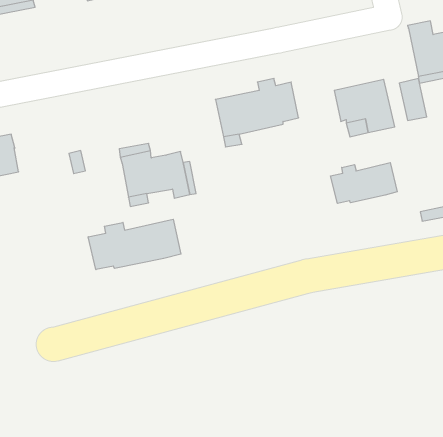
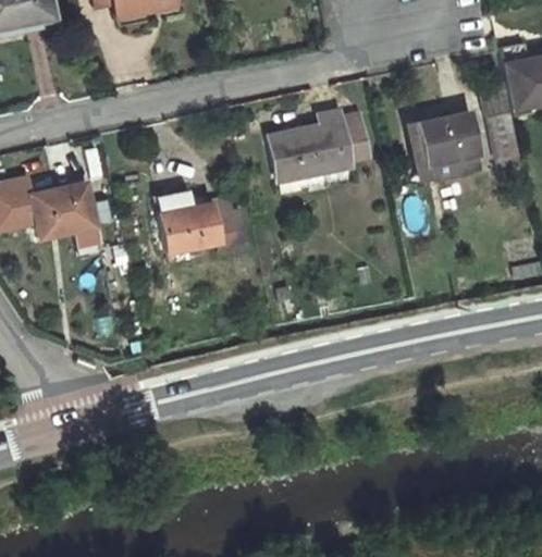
building: none -> [29,182,94,238]
building: [331,163,397,203] -> none
building: [88,219,181,270] -> none

